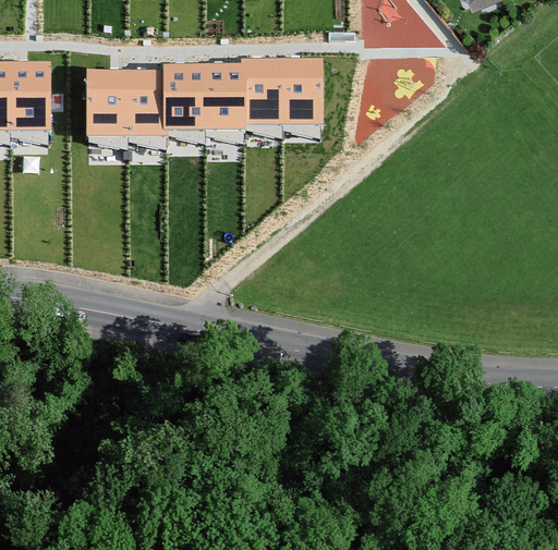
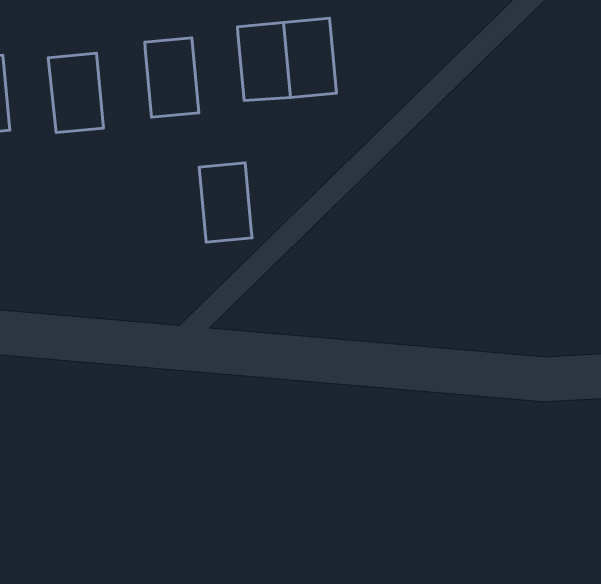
building: [206,65,244,127] -> [199,163,252,242]
building: [126,71,167,133] -> none

